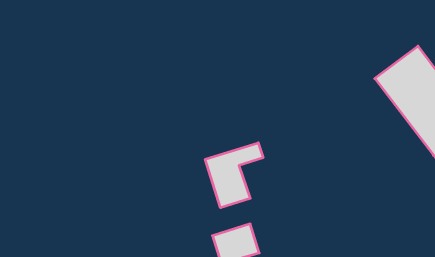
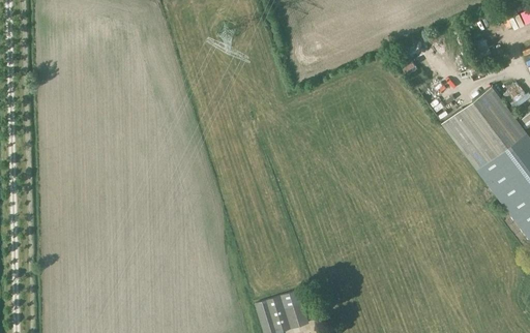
building: [205,143,263,208] -> none

